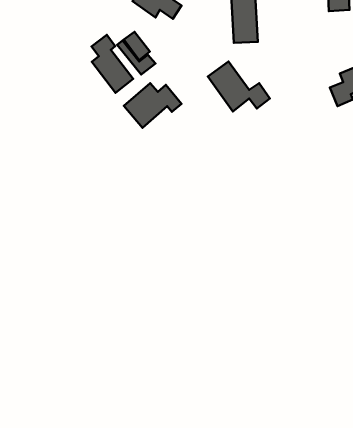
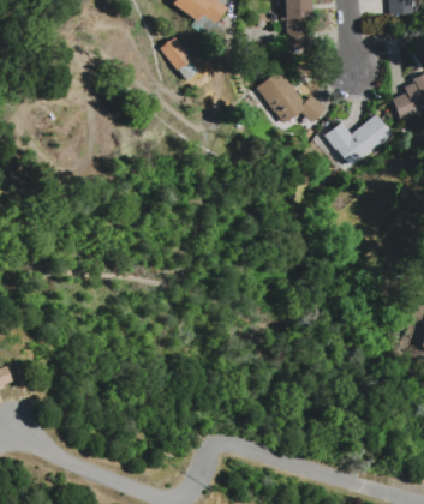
building: [92,35,133,93] -> none
building: [124,83,182,128] -> none
building: none -> [327,114,393,166]

